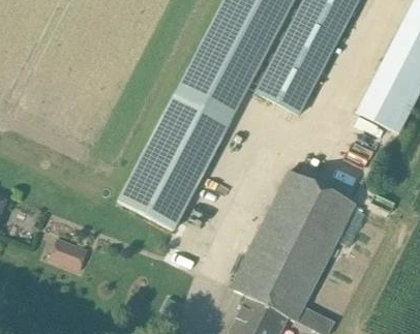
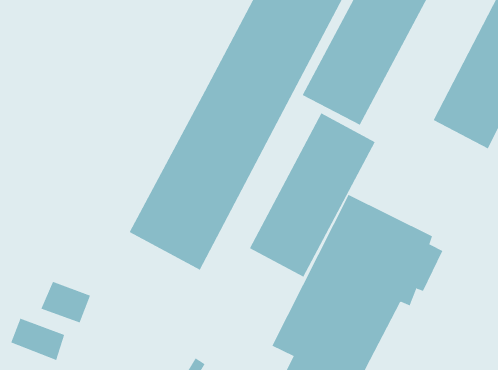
building: none -> [249,113,376,278]
building: none -> [11,318,65,361]

